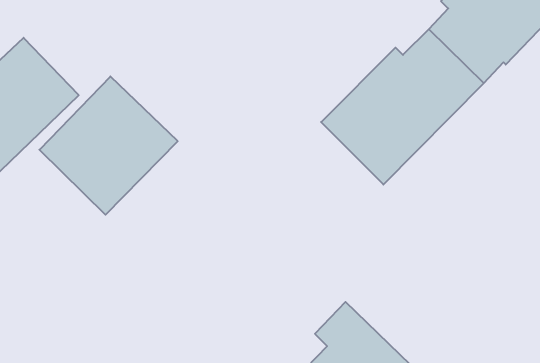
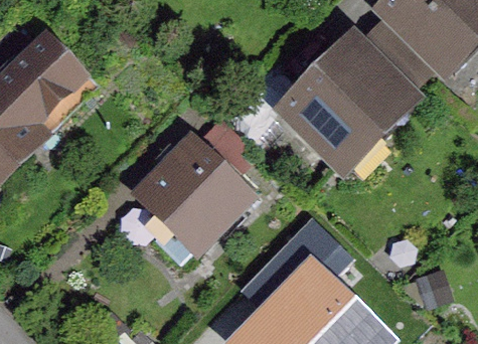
building: [39,76,178,215] -> [140,136,254,249]

